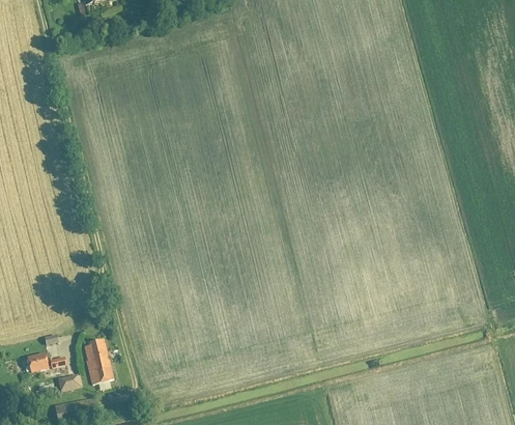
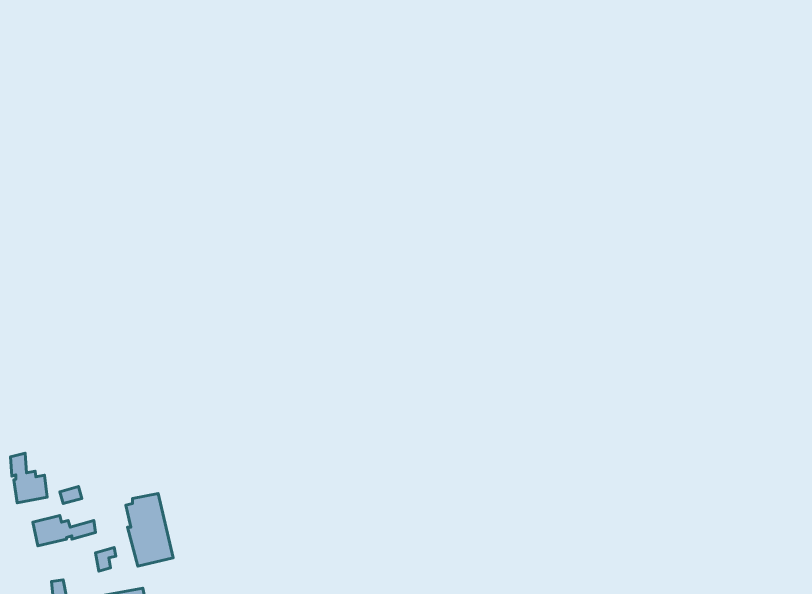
building: none -> [11,453,47,503]

